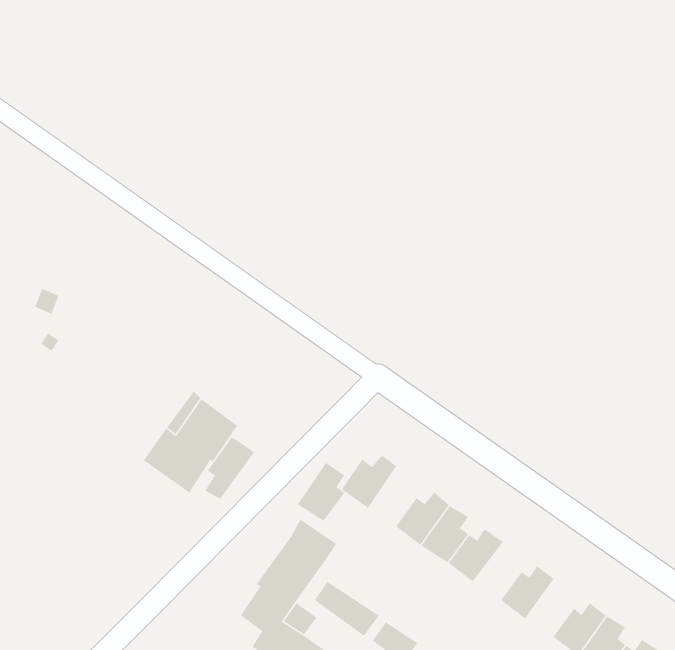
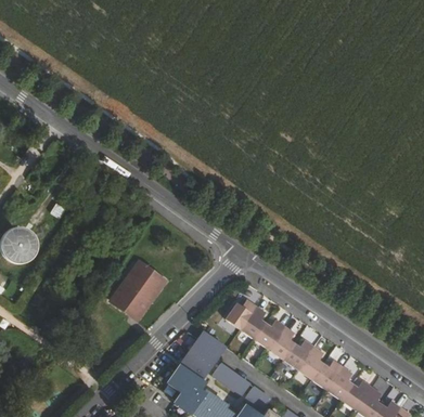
building: [204,436,255,500] -> none
building: [297,462,345,522] -> [239,302,266,336]
building: none -> [297,344,324,377]
building: none -> [326,365,354,398]

